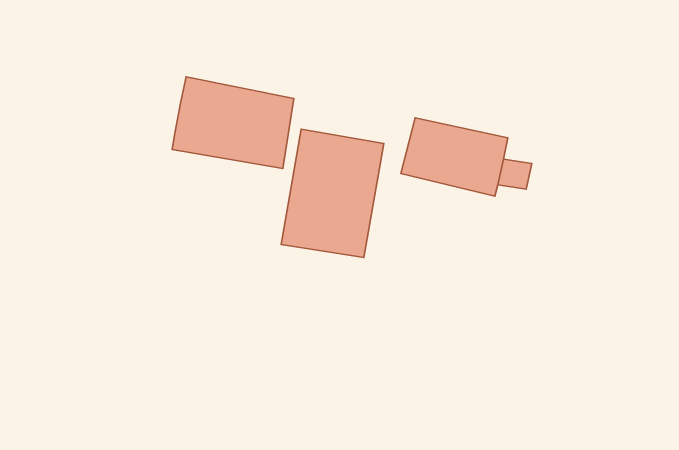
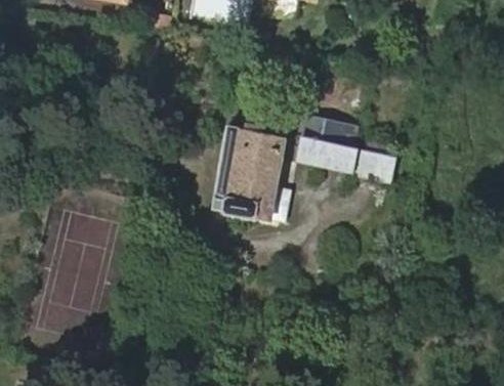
building: [172,77,294,168] -> none

